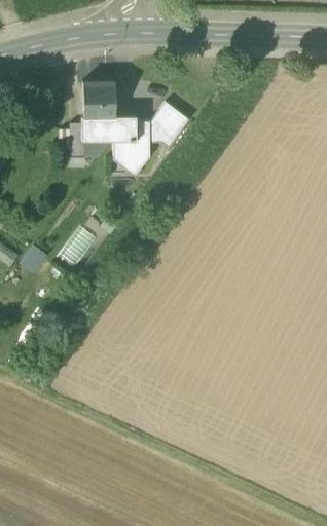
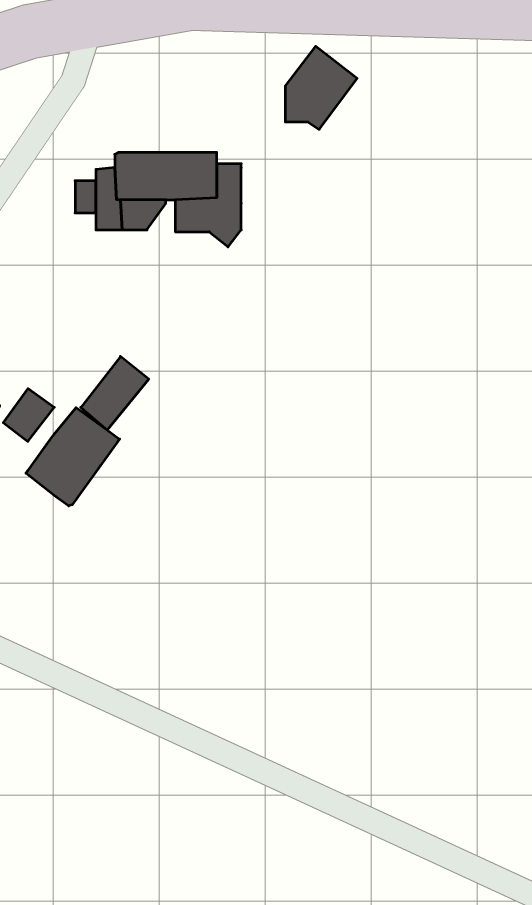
building: [82,81,114,115] -> none
building: [149,102,188,147] -> [285,46,357,129]
building: none -> [26,408,120,506]

